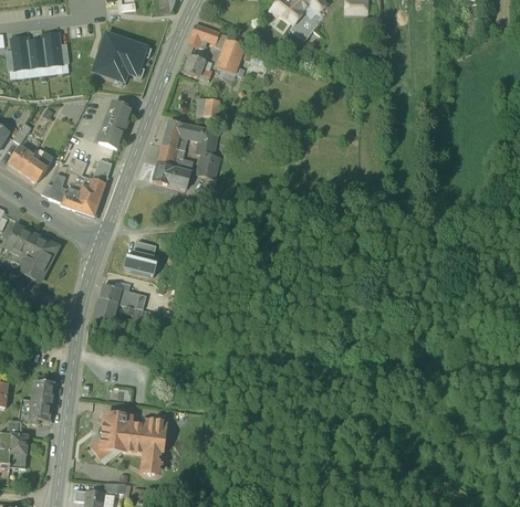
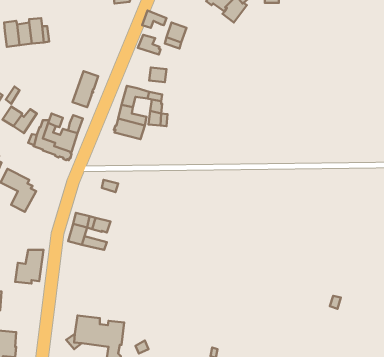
building: [92,32,152,83] -> none
building: [124,249,157,274] -> none
building: [18,380,54,423] -> [15,250,44,284]

